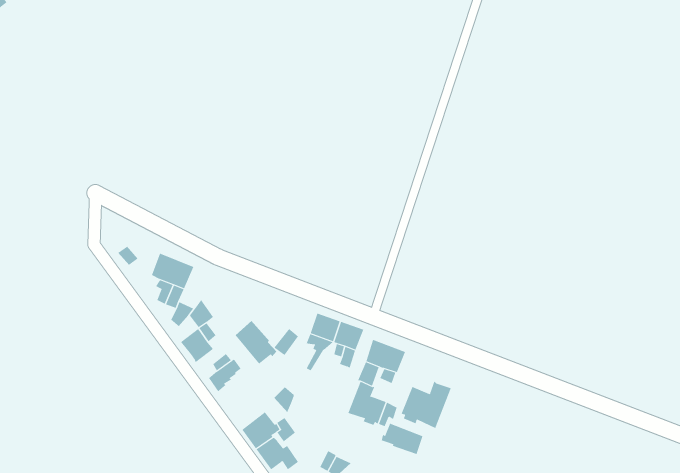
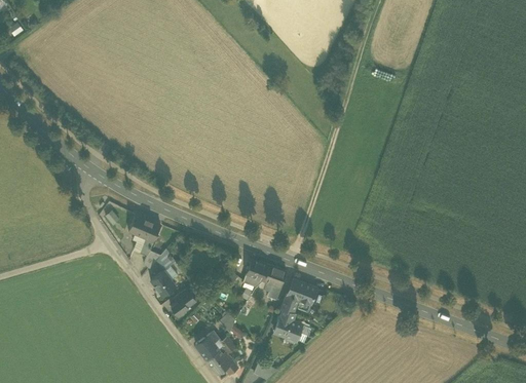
building: [235,320,277,365] -> none
building: [401,381,452,429] -> none
building: [381,423,423,455] -> none

